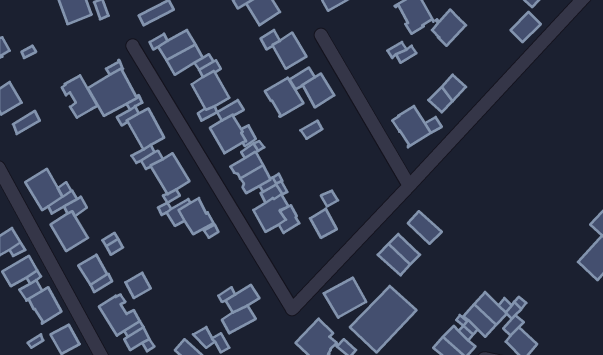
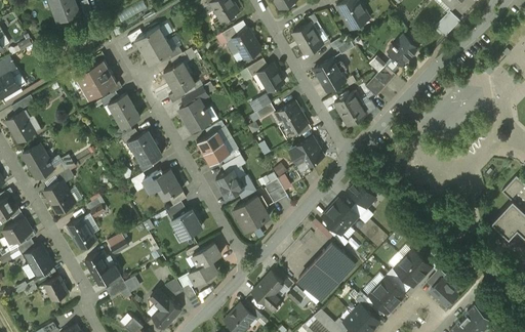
building: [432,10,466,46] -> [388,35,416,66]
building: none -> [291,23,322,54]
building: none -> [313,57,345,91]
building: [62,75,98,118] -> none
building: [265,78,303,116] -> [275,101,308,134]
building: none -> [6,114,35,144]
building: none -> [291,135,323,178]
building: none -> [170,209,201,238]
building: [324,278,366,318] -> [233,197,269,231]

